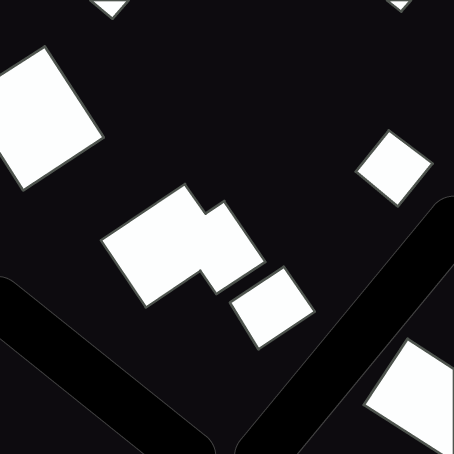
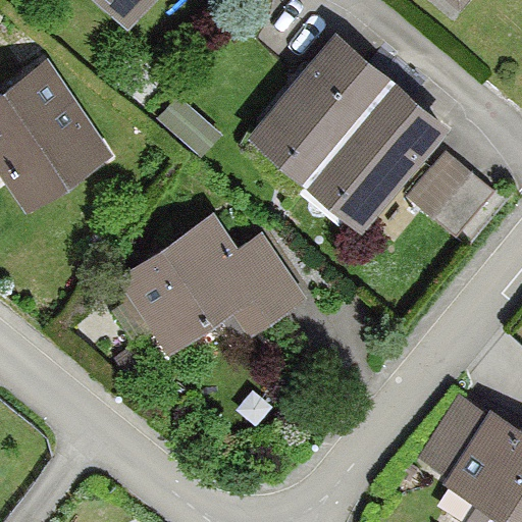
building: none -> [248,35,451,237]
building: [230,267,315,349] -> none

